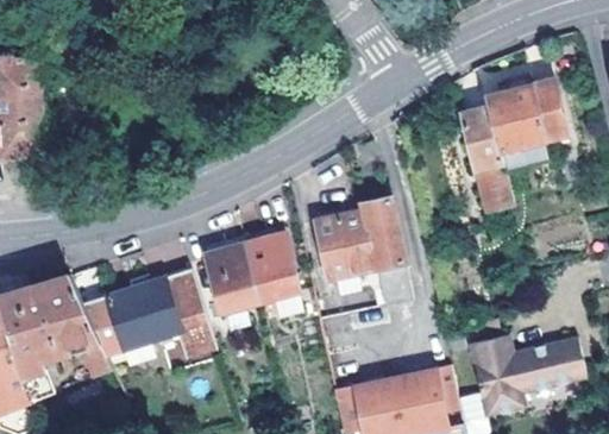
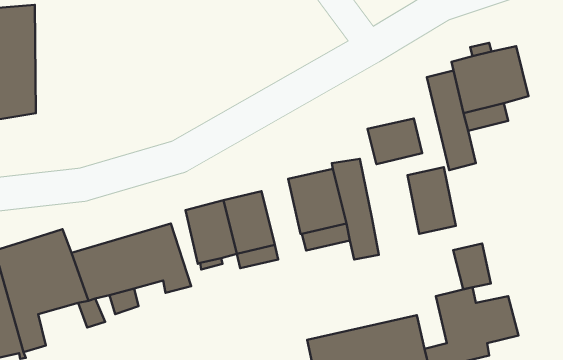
building: none -> [368,118,422,164]
building: none -> [407,167,456,234]
building: [547,338,588,386] -> [453,243,491,289]

